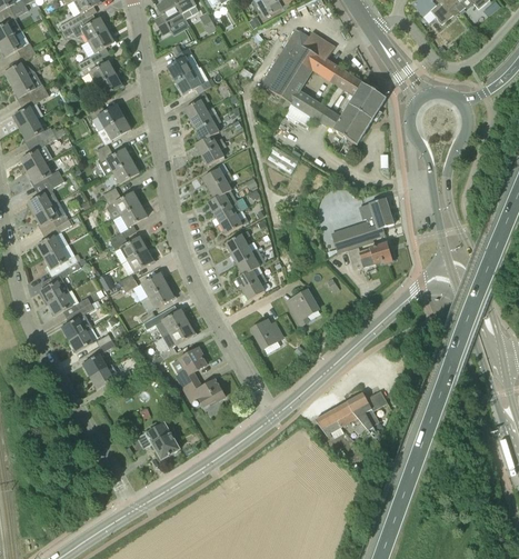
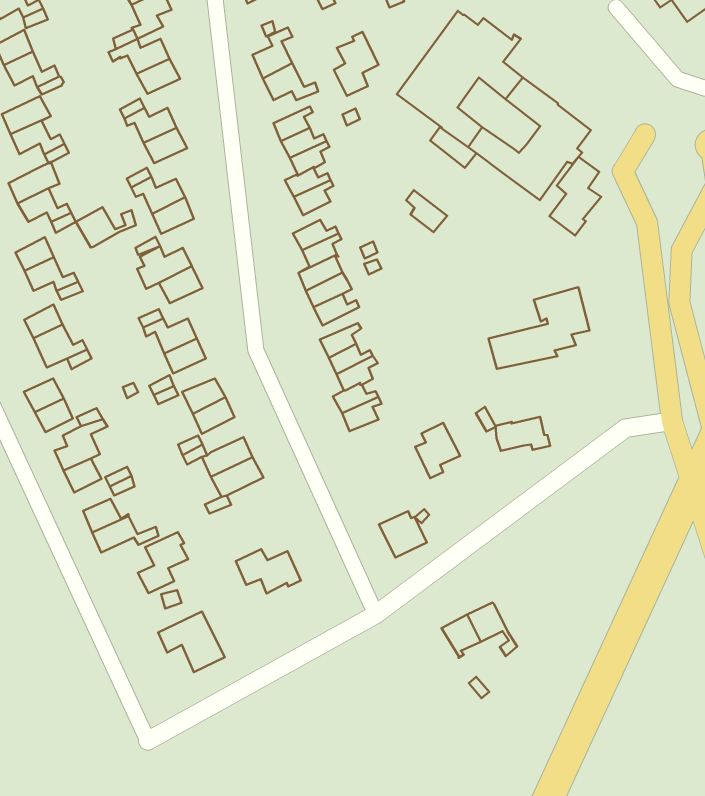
building: none -> [334,32,378,96]
building: none -> [550,157,601,236]
building: none -> [76,207,136,247]
building: [359,242,395,266] -> [496,417,550,451]
building: [251,318,282,348] -> [379,511,427,557]
building: [174,347,206,387] -> [138,532,188,593]
building: [348,390,388,436] -> none

